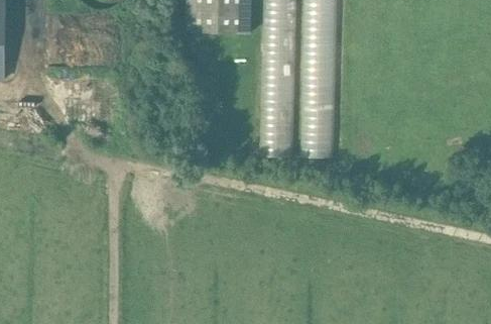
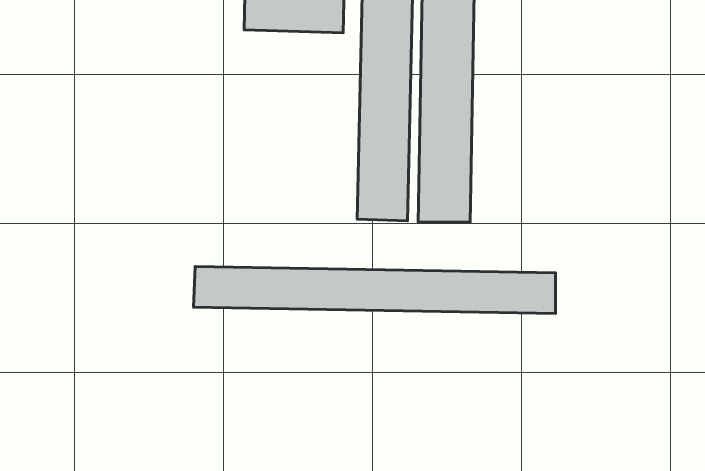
building: none -> [193,267,556,314]

